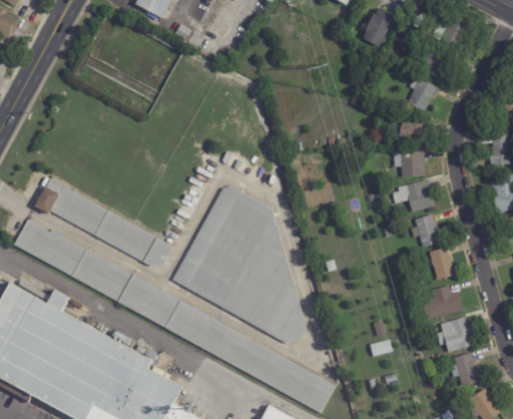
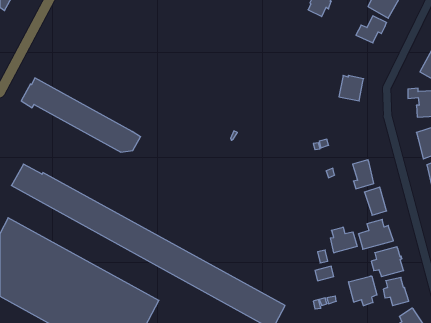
building: [408,78,437,111] -> none
building: [394,151,425,176] -> none
building: [34,178,174,266] -> [21,78,141,152]
building: [393,179,435,212] -> none
building: [173,186,308,344] -> none
building: none -> [330,227,357,253]
building: none -> [349,276,377,306]

